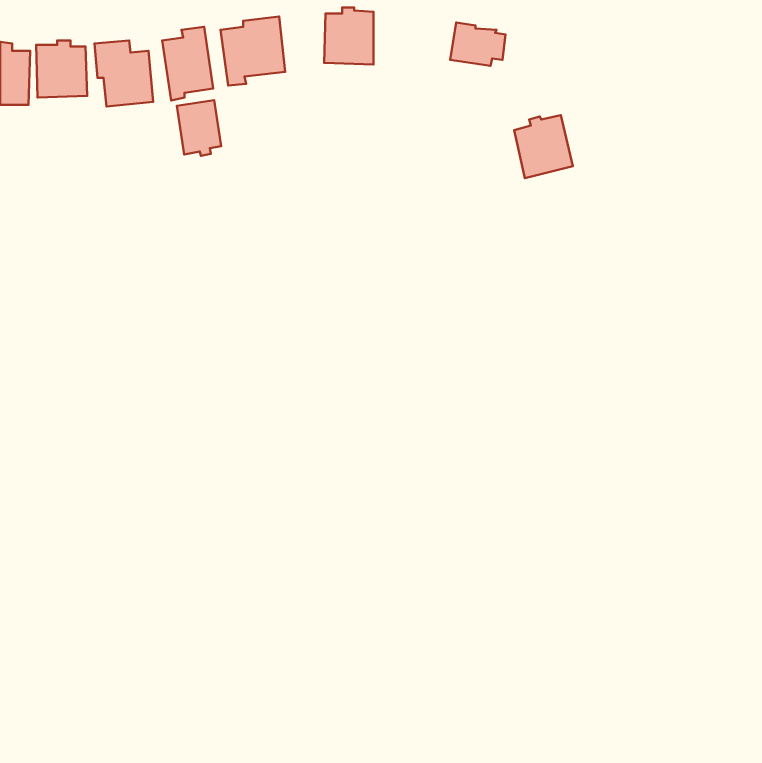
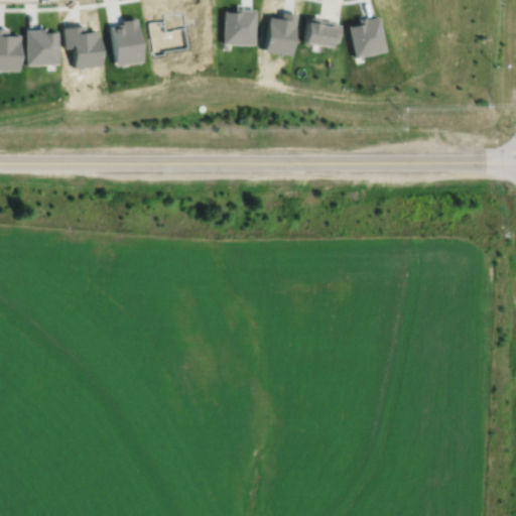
building: none -> [265,17,299,59]
building: [177,100,221,156] -> none
building: [514,115,573,178] -> [347,16,386,58]

